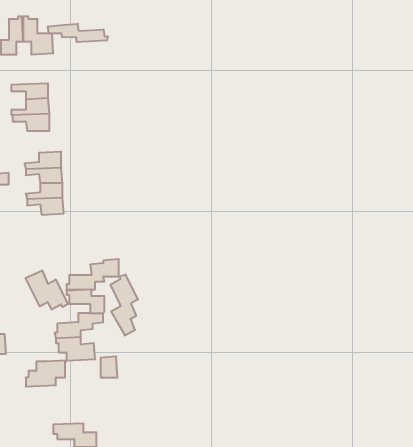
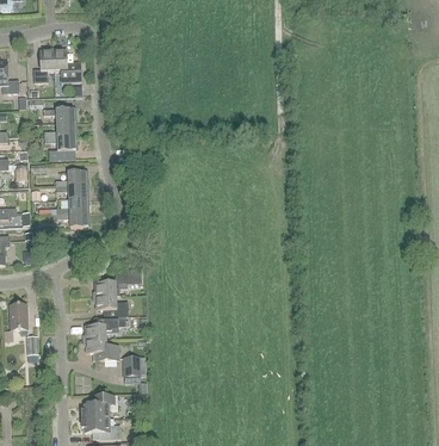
building: [48,24,108,42] -> none
building: [26,270,68,310] -> none
building: [111,274,138,336] -> none
building: [26,360,66,387] -> [81,394,118,417]

